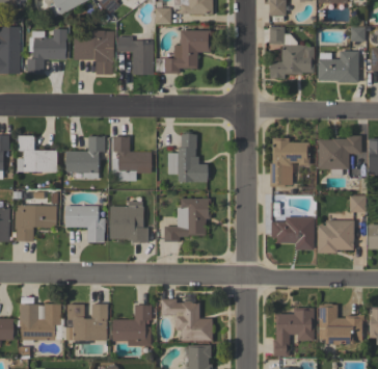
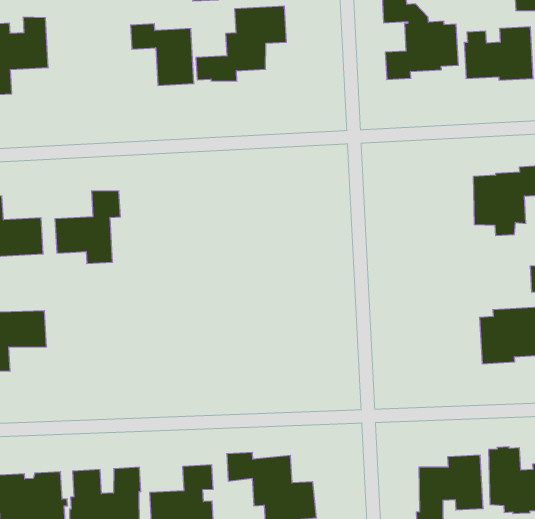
building: [74,30,114,74] -> none
building: [167,131,210,183] -> none
building: [113,136,152,180] -> none
building: [270,138,309,186] -> none
building: [164,197,211,241] -> none
building: [64,205,105,242] -> none
building: [110,206,148,242] -> none
building: [271,217,314,249] -> none

